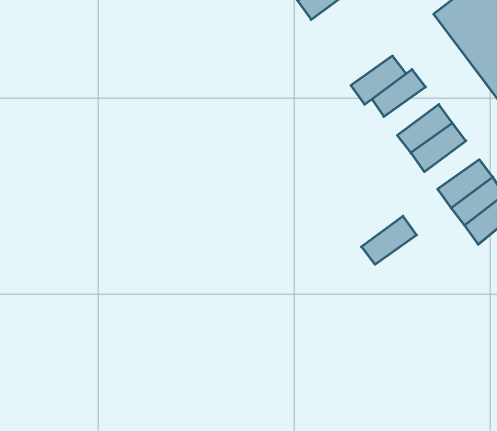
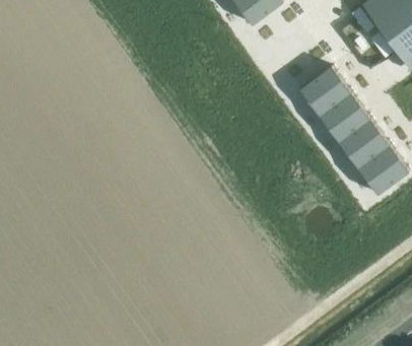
building: [351,56,406,104] -> [312,74,353,111]
building: [361,216,417,264] -> [342,115,384,151]

